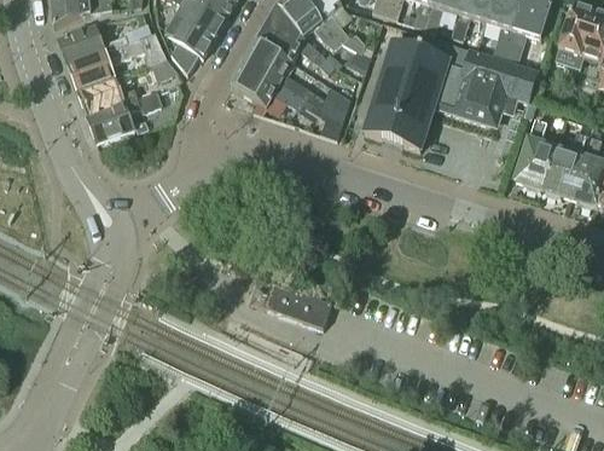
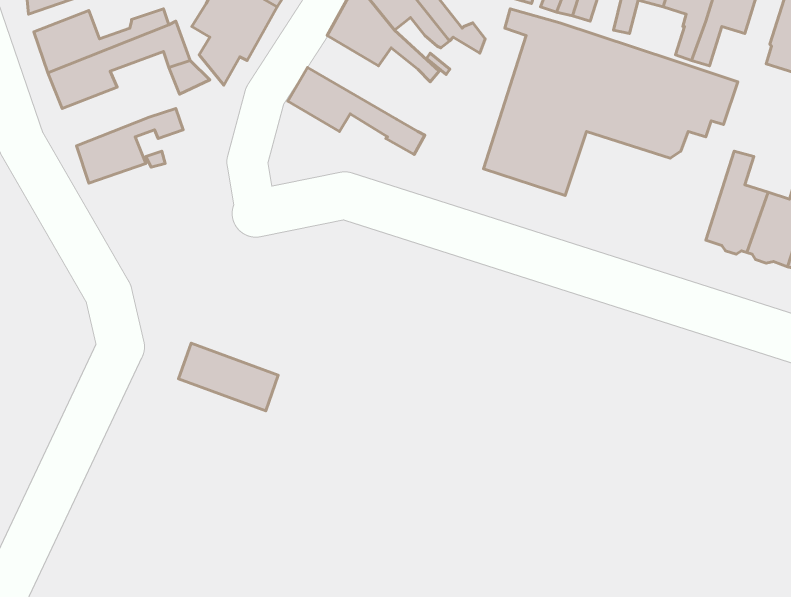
building: [244,41,350,121] -> none
building: [77,76,137,116] -> none
building: [263,283,331,329] -> [179,343,278,411]

